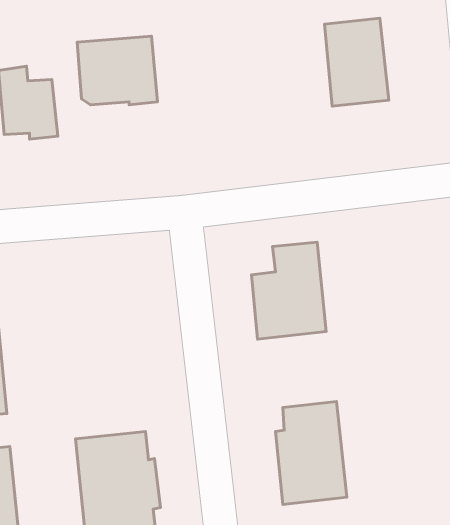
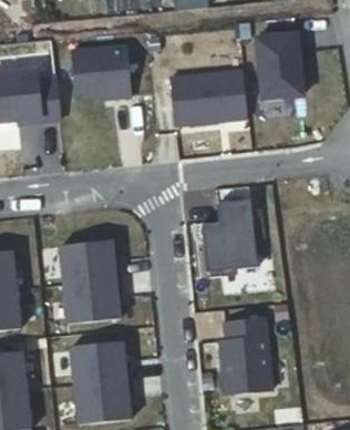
building: none -> [167,69,245,123]
building: none -> [59,239,123,324]

